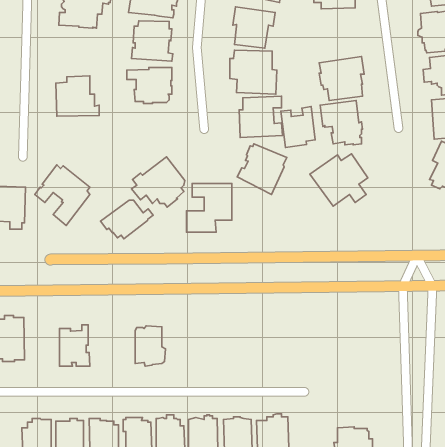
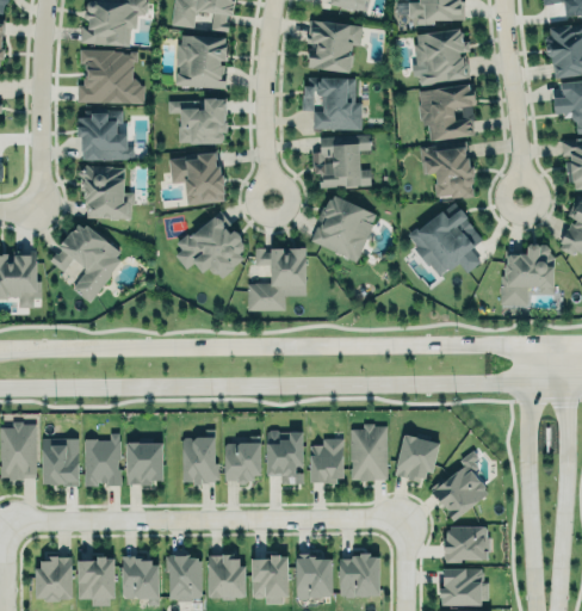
building: none -> [413,29,471,86]
building: none -> [76,49,147,104]
building: [281,106,315,147] -> none
building: none -> [169,152,227,204]
building: none -> [80,167,132,220]
building: none -> [501,245,553,308]
building: [101,200,153,239] -> none
building: none -> [349,422,385,477]
building: none -> [265,431,303,486]
building: none -> [394,432,438,480]
building: none -> [42,437,79,486]
building: none -> [308,438,342,482]
building: none -> [125,439,162,483]
building: none -> [224,440,260,483]
building: none -> [429,457,487,519]
building: none -> [445,526,489,562]

